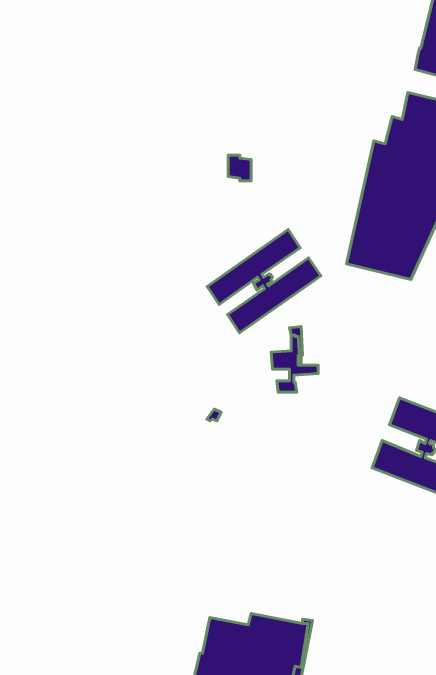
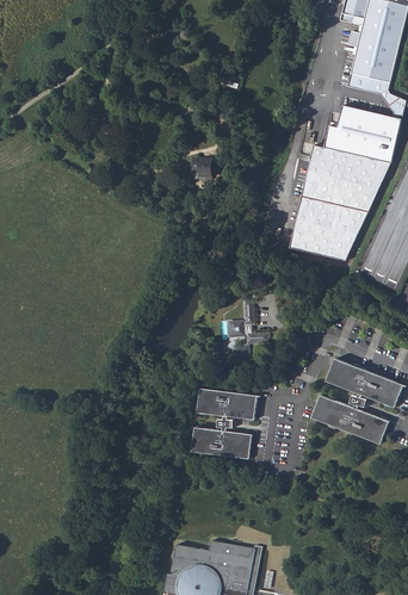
building: [207,230,321,333] -> none
building: none -> [185,388,258,459]

